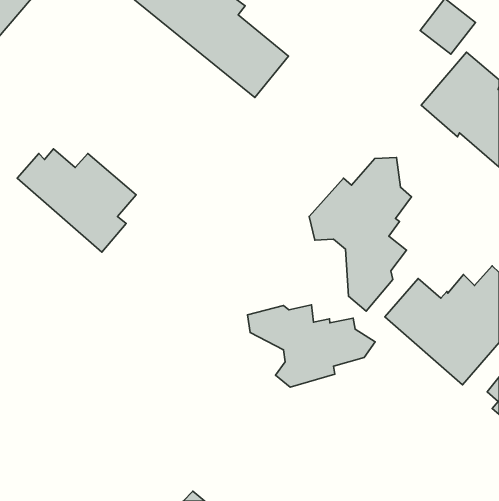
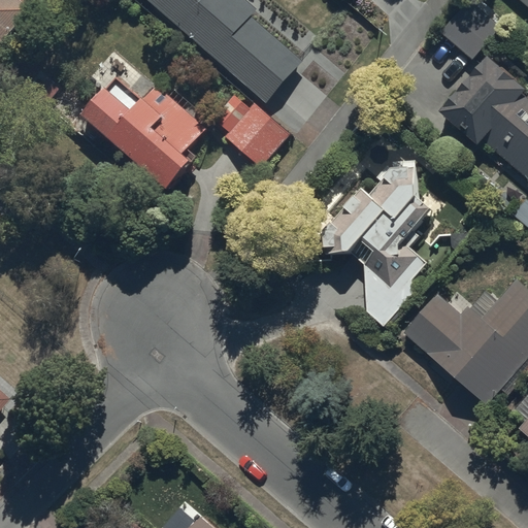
building: none -> [211,93,289,165]
building: [17,149,136,252] -> [81,79,206,188]
building: [248,305,375,387] -> none

